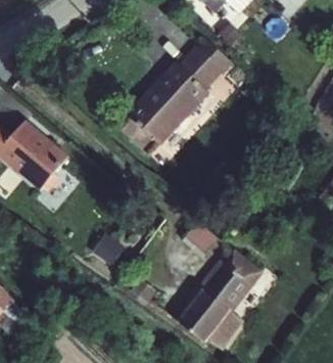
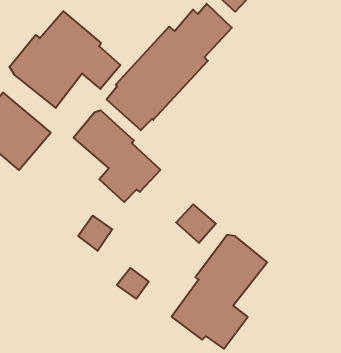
building: none -> [9,11,120,108]
building: none -> [74,110,160,202]

